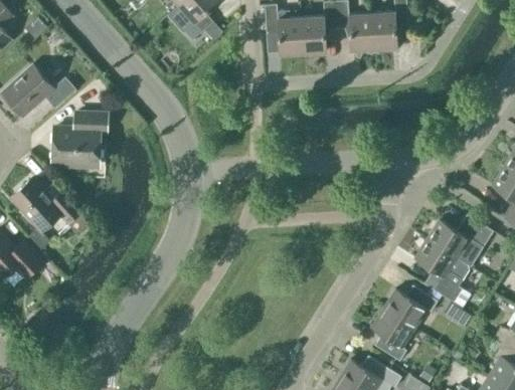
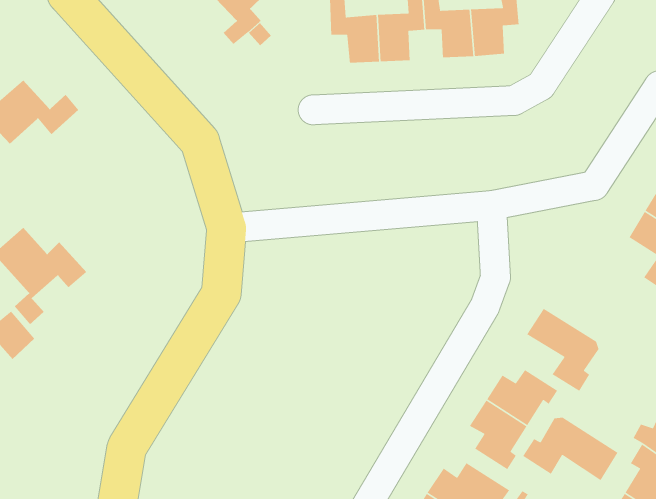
building: [52,115,107,166] -> none
building: [426,215,493,267] -> none
building: none -> [522,417,618,481]

